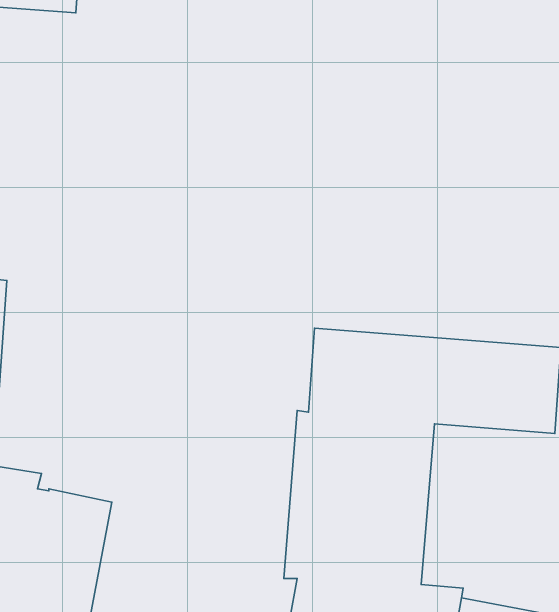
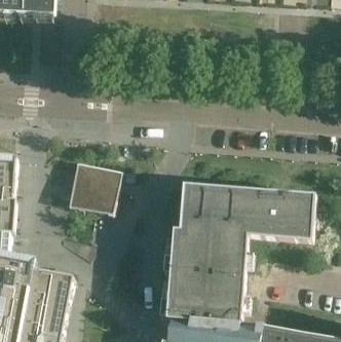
building: none -> [76,161,120,215]

